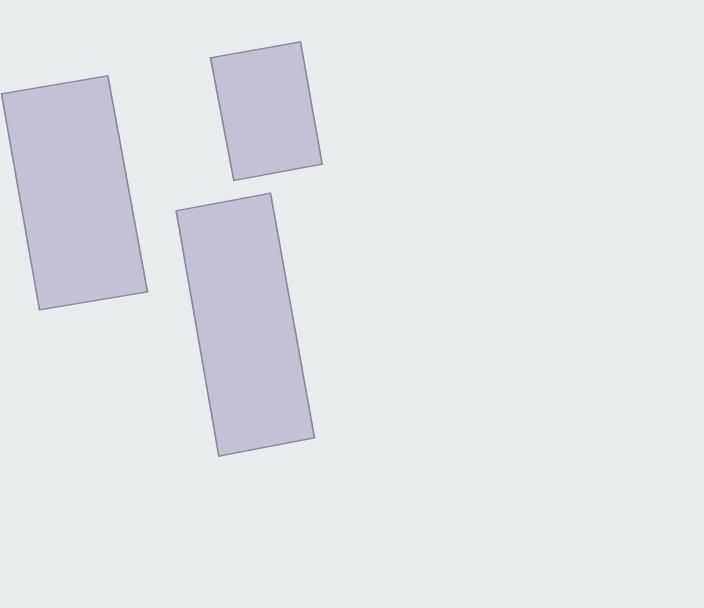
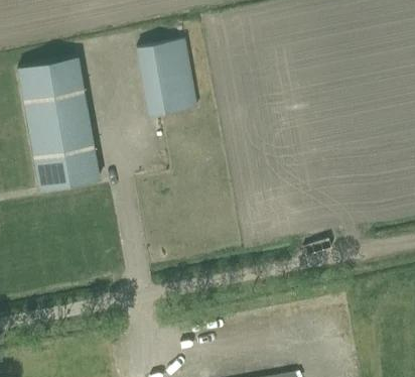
building: [176,193,315,456] -> none

